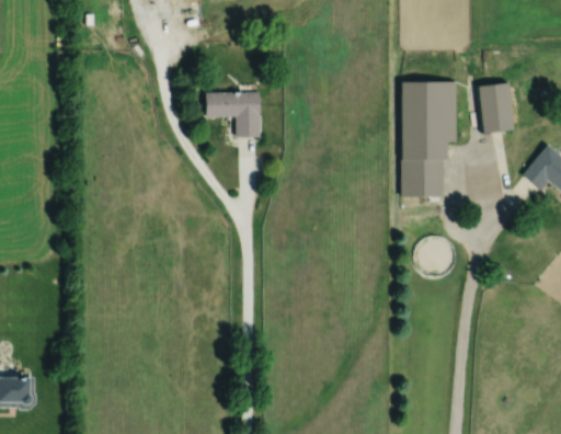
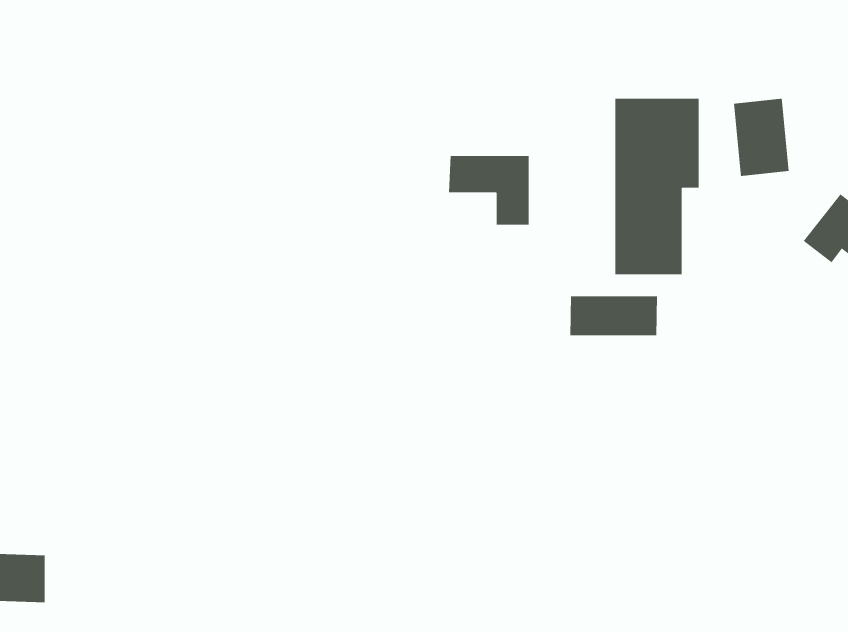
building: [206,91,259,136] -> [448,155,530,225]
building: none -> [570,295,657,336]

